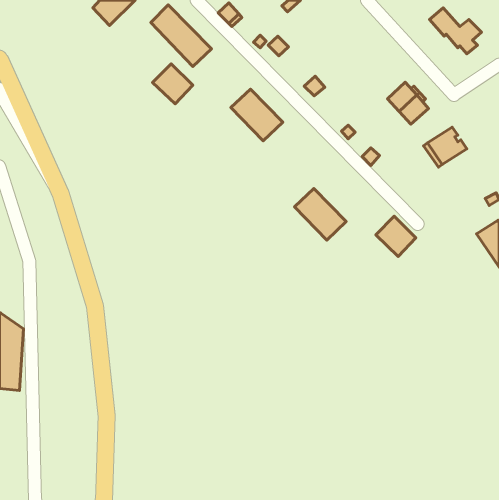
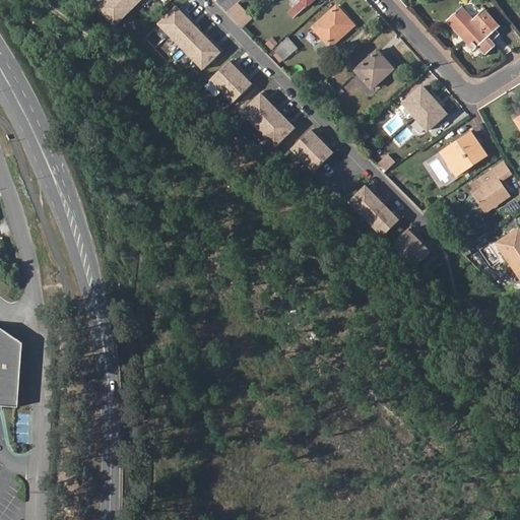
building: none -> [312,7,353,47]
building: none -> [355,52,392,87]
building: [153,64,193,104] -> [209,61,251,103]
building: none -> [290,129,332,171]
building: none -> [471,161,510,210]
building: [294,188,346,240] -> [346,181,400,235]

